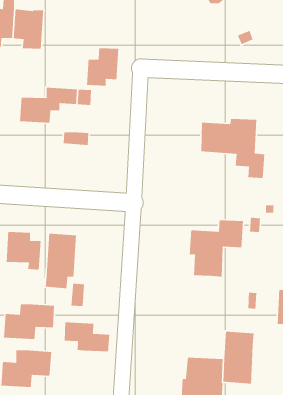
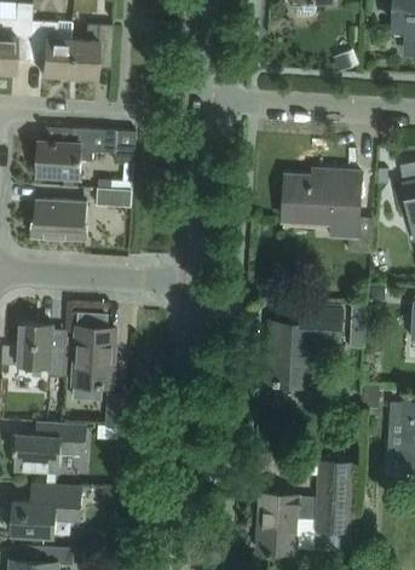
building: [86,47,119,87] -> [67,25,111,79]
building: none -> [33,200,87,238]
building: [64,322,110,352] -> none

